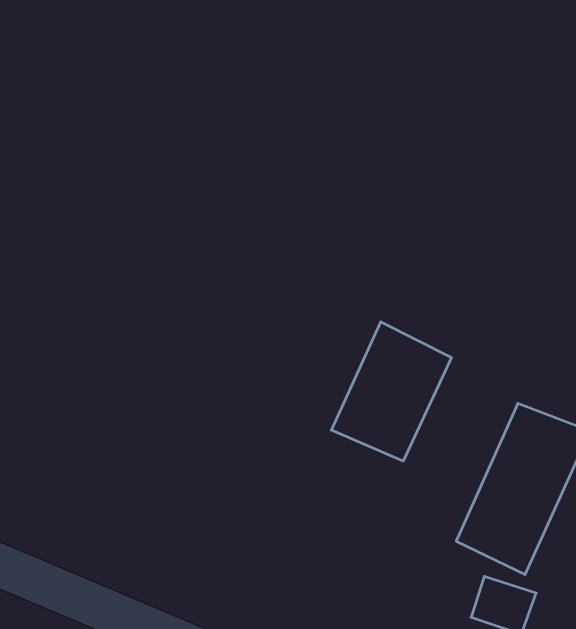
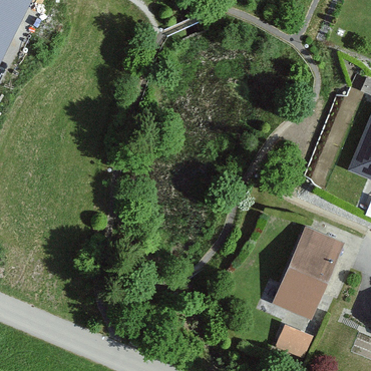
building: [331,322,451,461] -> none

